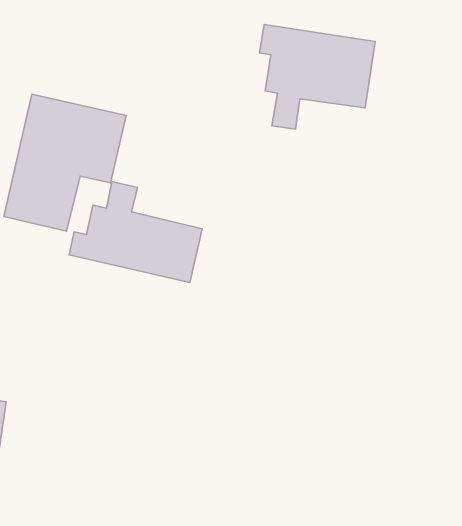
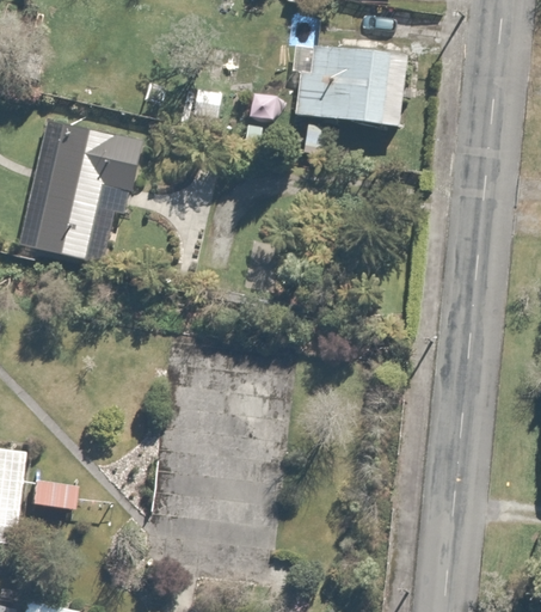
building: [69,181,202,283] -> none

